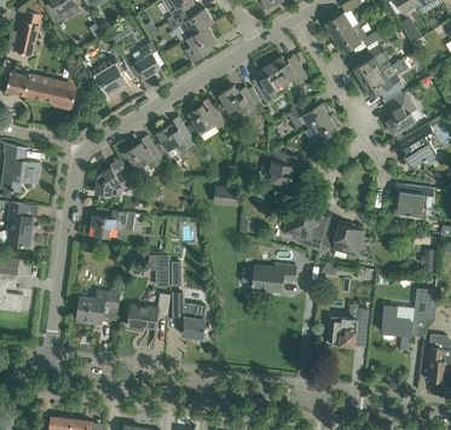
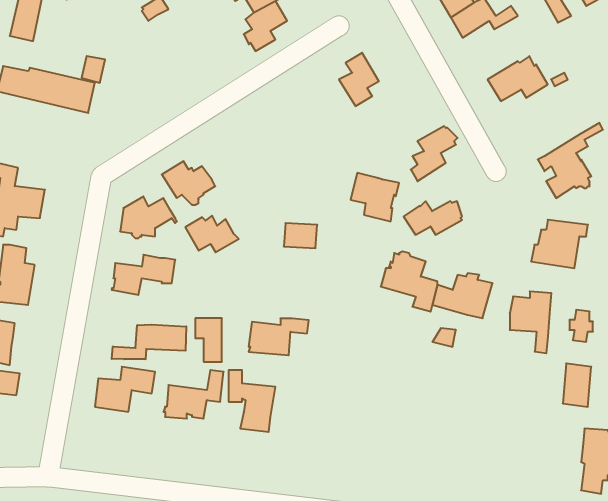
building: [132,41,160,77] -> none
building: [353,45,386,82] -> none
building: [270,56,306,83] -> none
building: [92,58,126,93] -> none
building: [218,85,256,114] -> none
building: [383,91,415,134] -> none
building: [287,103,329,127] -> [404,201,462,235]
building: [186,104,225,130] -> none
building: [156,123,195,150] -> [185,216,239,252]
building: none -> [112,325,186,359]
building: [251,263,295,290] -> [249,318,309,355]
building: [382,304,412,349] -> [510,291,551,353]
building: [328,308,368,345] -> none

